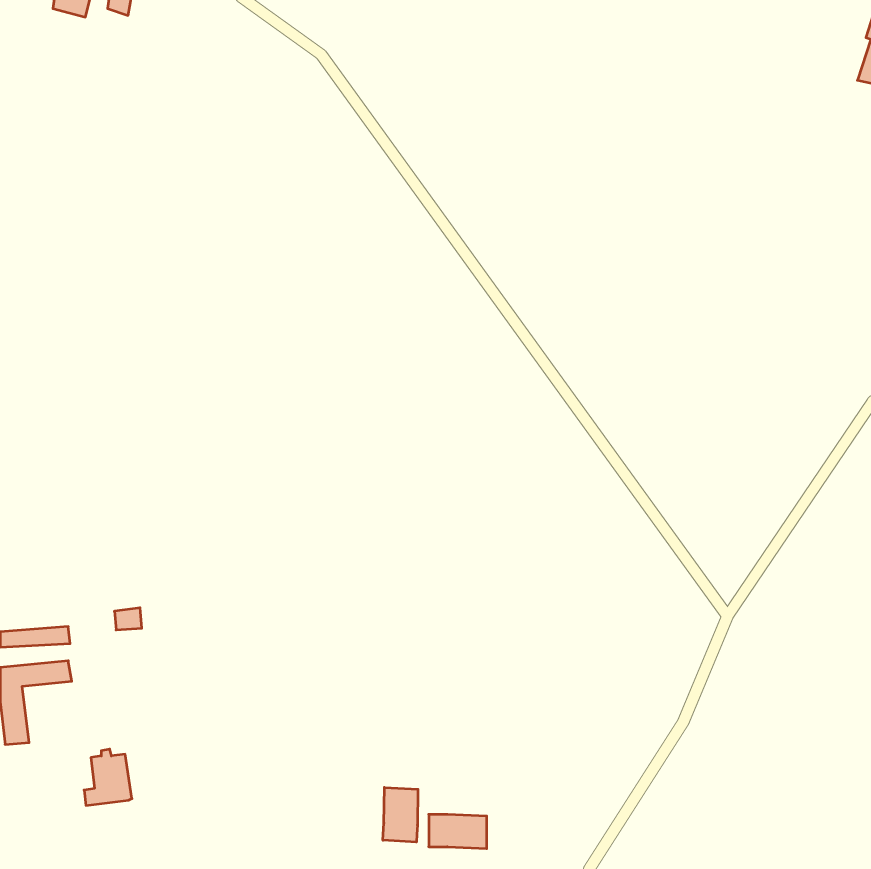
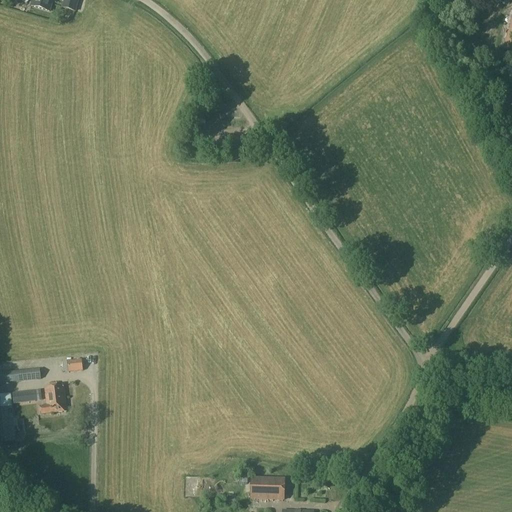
building: [84,749,132,805] -> [41,381,69,414]
building: [383,787,418,842] -> none

